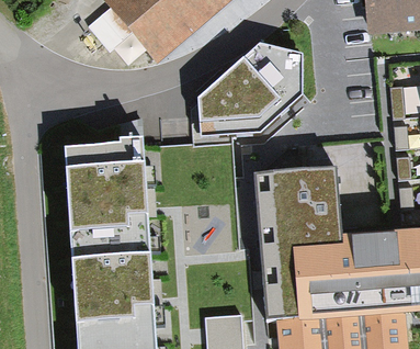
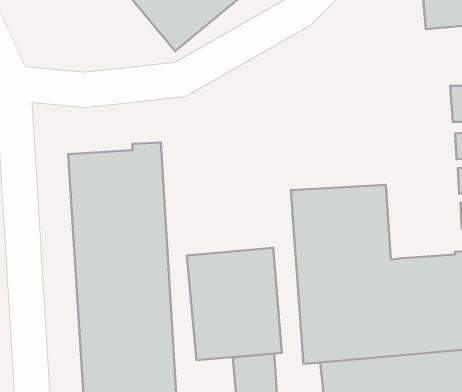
building: [200,42,304,135] -> none
building: none -> [187,248,282,360]

